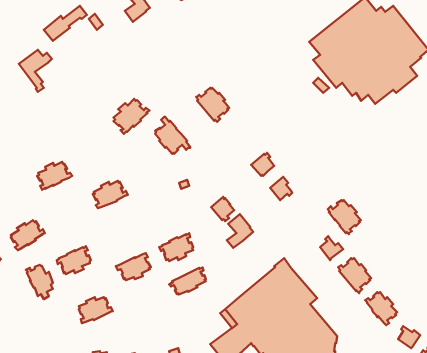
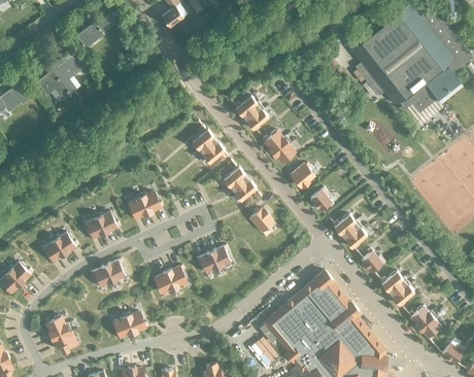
building: none -> [37,71,71,104]
building: [113,99,150,134] -> none
building: none -> [262,131,295,165]
building: none -> [224,166,257,201]
building: [37,162,72,190] -> [84,211,121,240]
building: [328,200,361,234] -> [333,214,367,249]
building: [227,214,253,248] -> none
building: [26,265,53,299] -> [44,316,72,351]
building: [169,267,206,295] -> none

